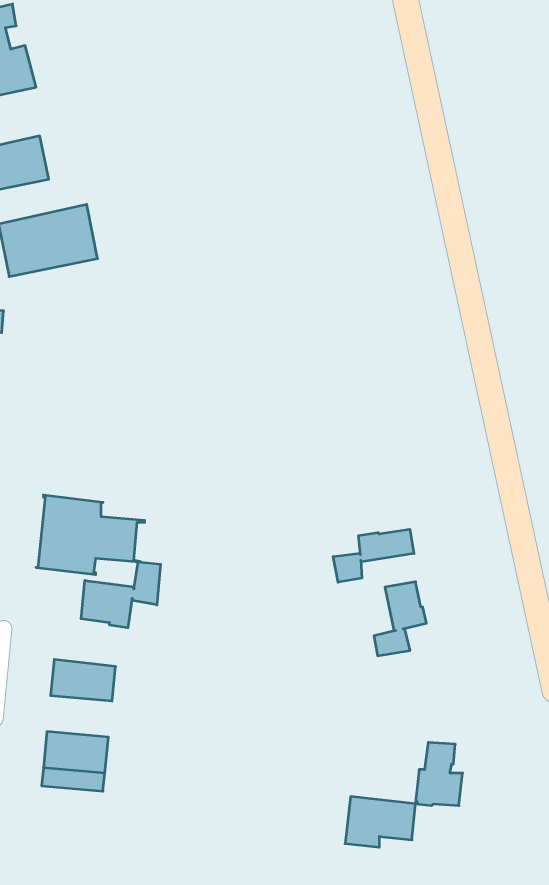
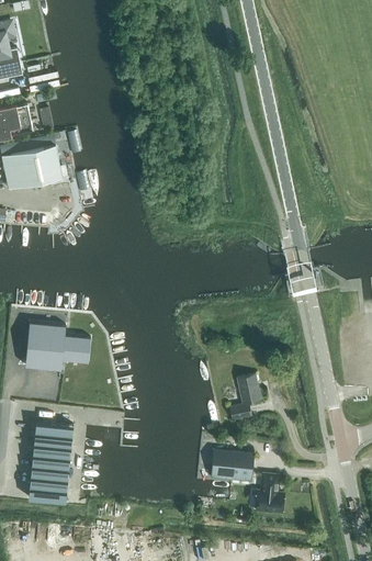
building: [333,529,414,582] -> none
building: [81,562,161,628] -> none
building: none -> [32,444,71,469]
building: [345,797,416,847] -> [211,449,253,480]

